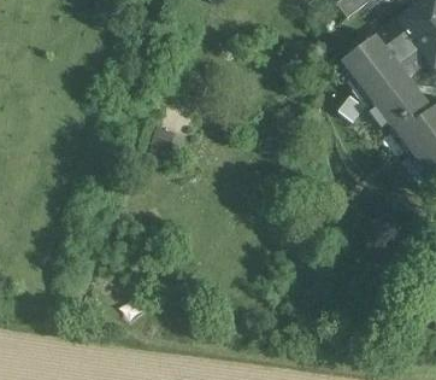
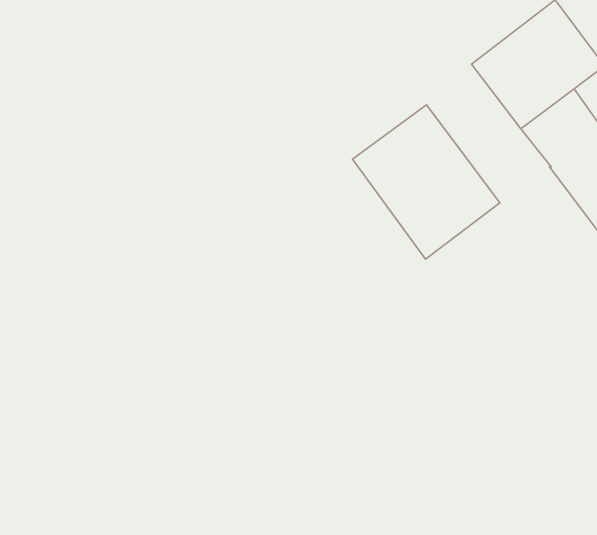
building: none -> [352,105,500,259]

